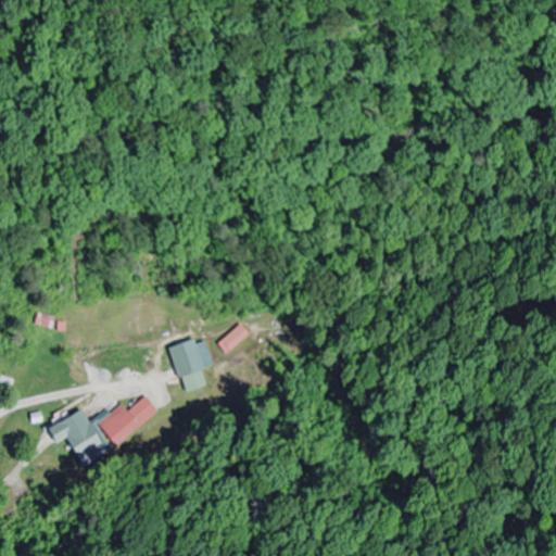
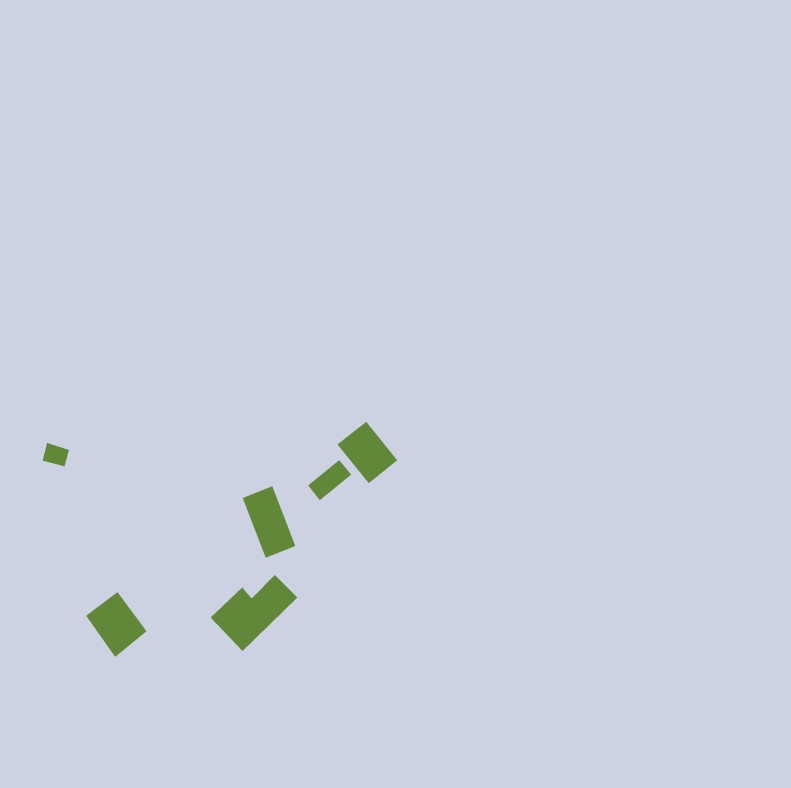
building: none -> [337,421,398,484]
building: [98,392,160,446] -> [210,574,298,652]

